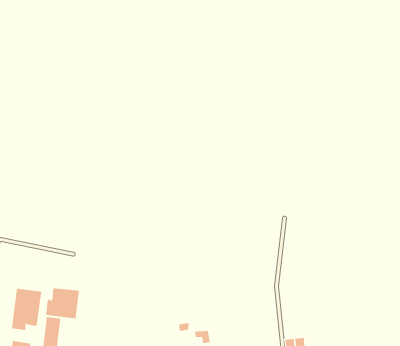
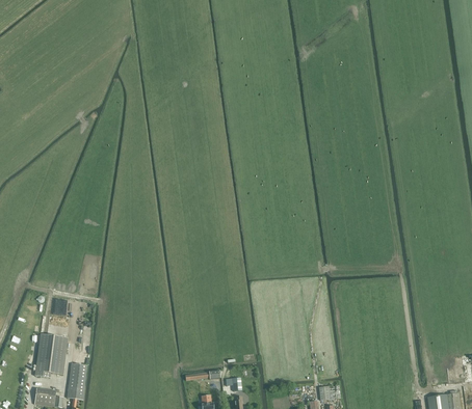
building: [45,288,80,319] -> none

